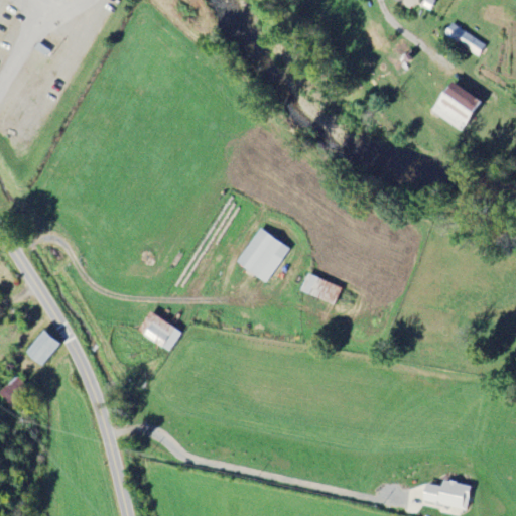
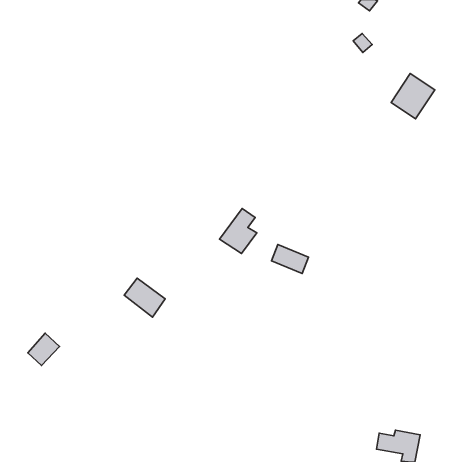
building: [445,22,476,48] -> none
building: [22,329,57,365] -> [28,333,60,366]

